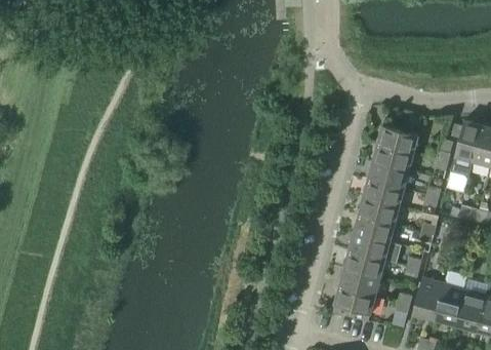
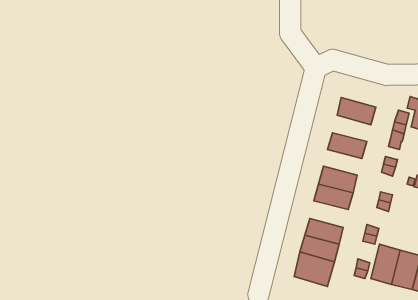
building: [373,143,413,170] -> none
building: [364,179,404,205] -> none
building: [350,232,402,263] -> none

